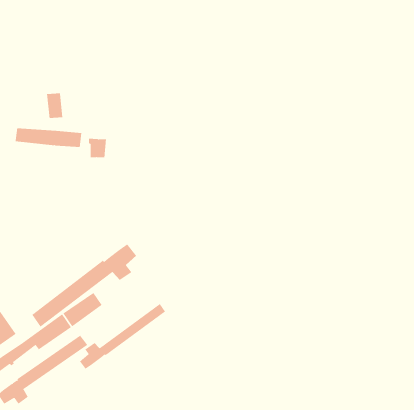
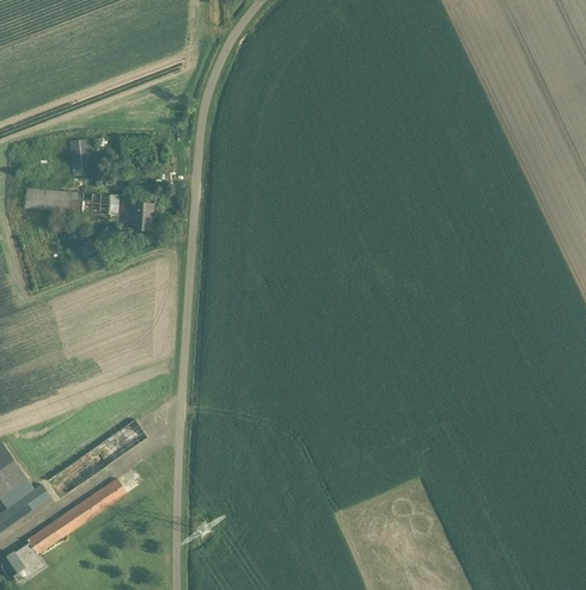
building: [31,244,137,328] -> none
building: [79,303,166,369] -> none

